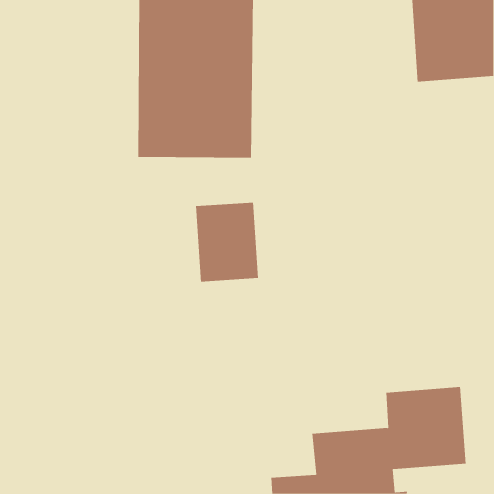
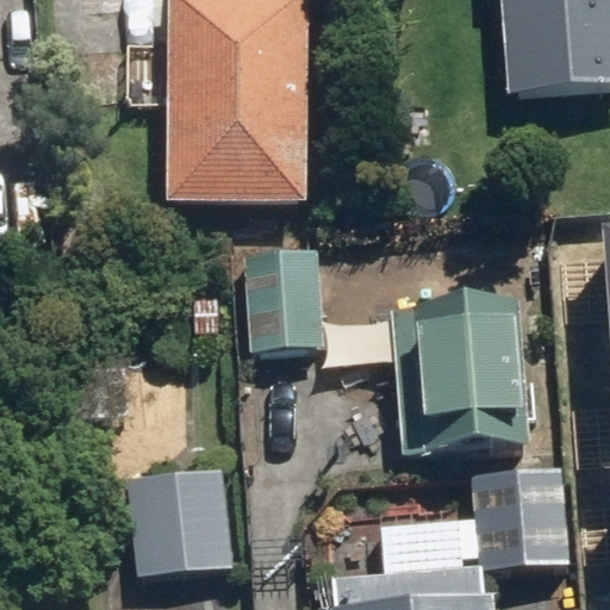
building: none -> [394,301,533,460]
building: none -> [126,472,231,580]

